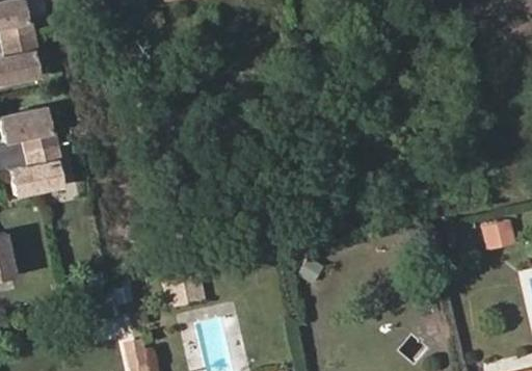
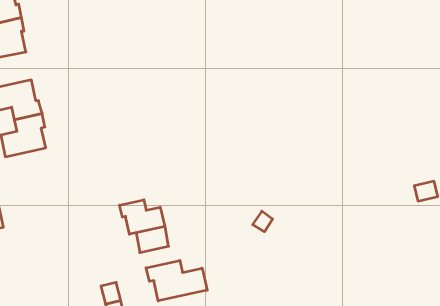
building: none -> [120,200,165,234]
building: none -> [146,260,207,301]

